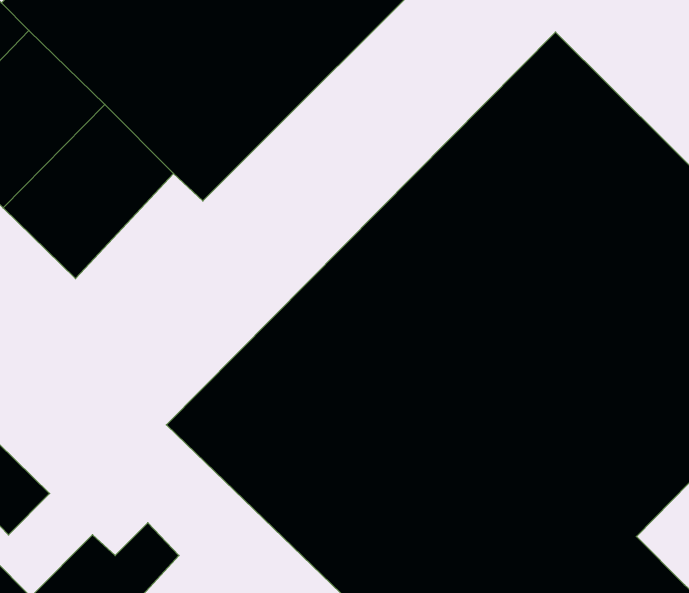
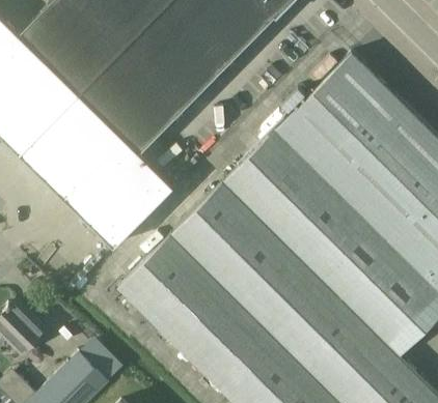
building: none -> [62,137,173,249]

